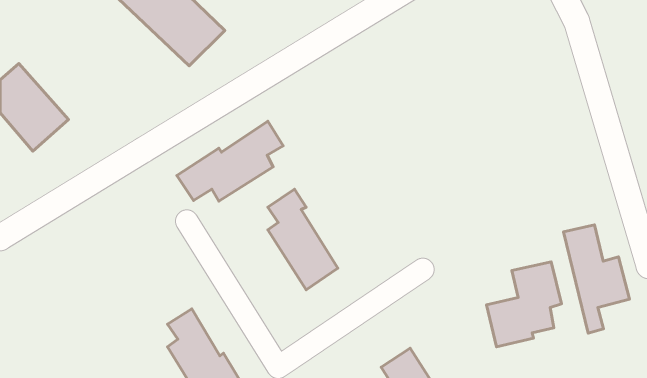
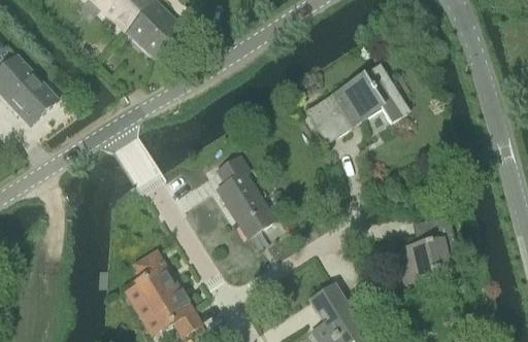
building: none -> [309,67,407,141]
building: [177,121,283,201] -> none
building: [563,225,630,333] -> none

